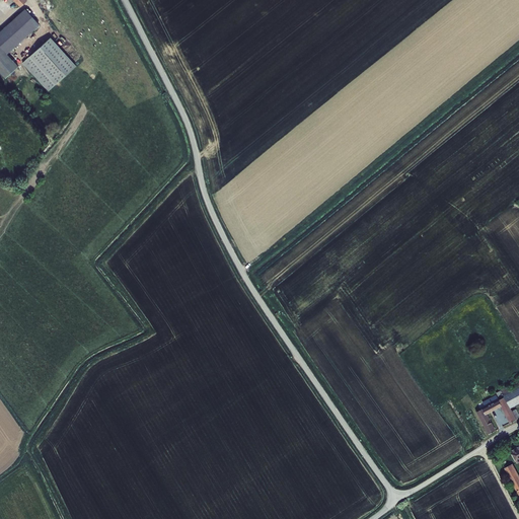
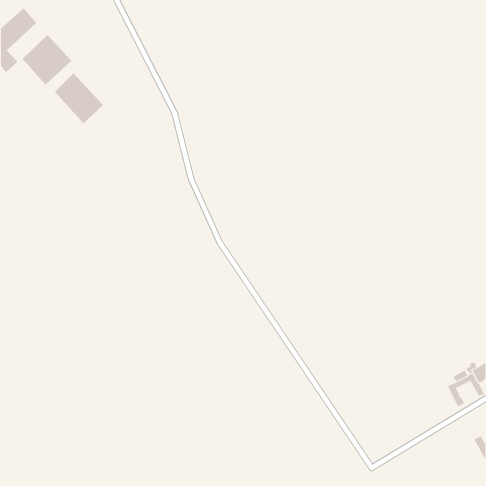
building: none -> [54,73,104,124]

